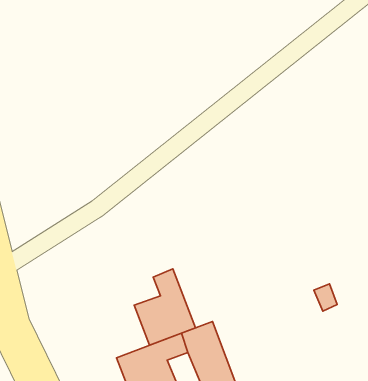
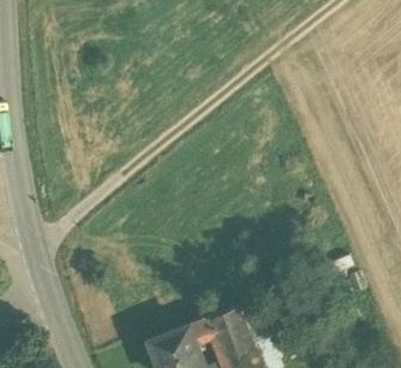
building: [134,269,195,345] -> none

